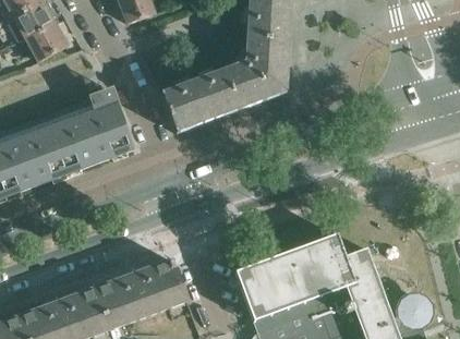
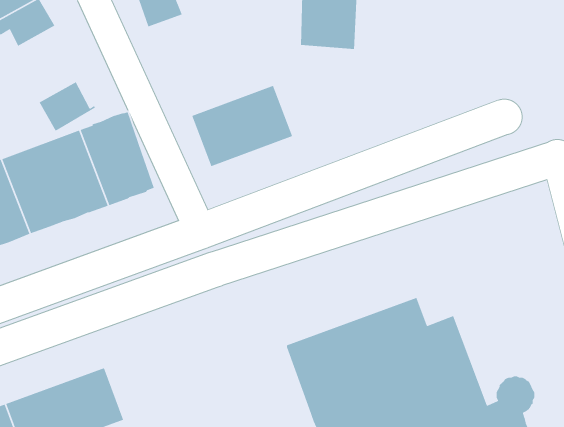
building: [25,23,70,62] -> [38,81,96,132]
building: [225,38,288,109] -> none
building: [93,259,185,330] -> none

